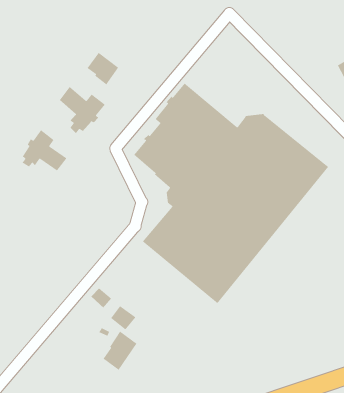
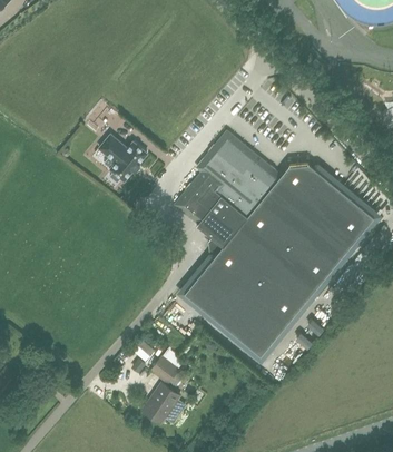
building: [87,52,119,85] -> none
building: [21,129,67,172] -> none

